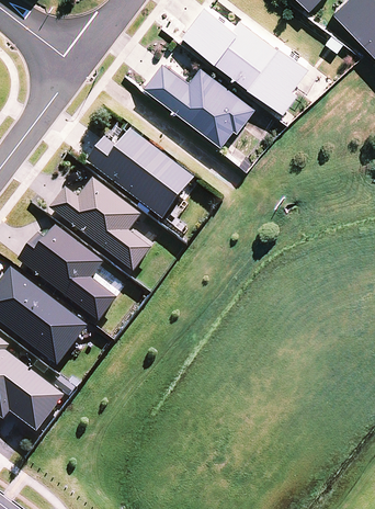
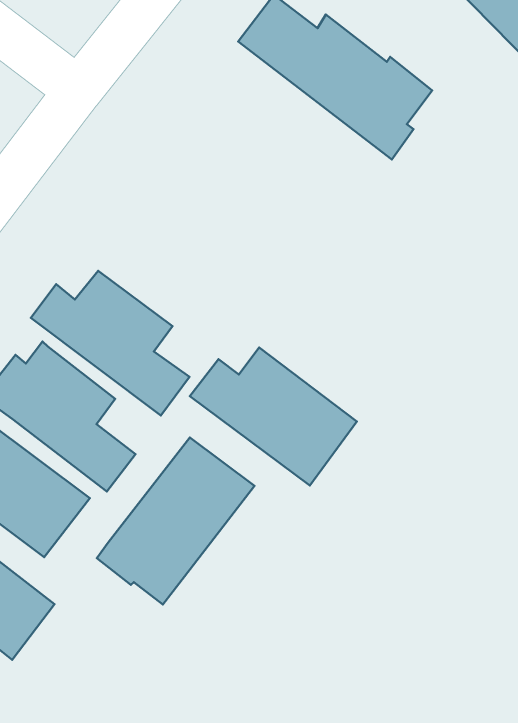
building: [144,56,255,140] -> none
building: [84,129,193,219] -> [190,347,357,486]
building: none -> [97,437,255,605]

